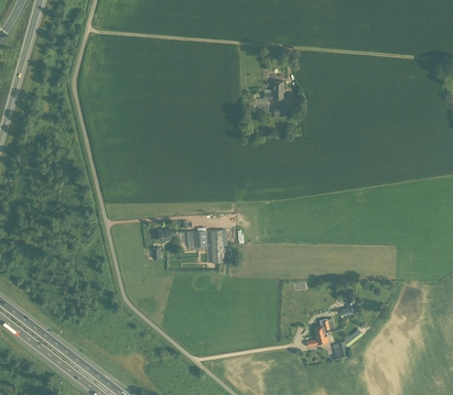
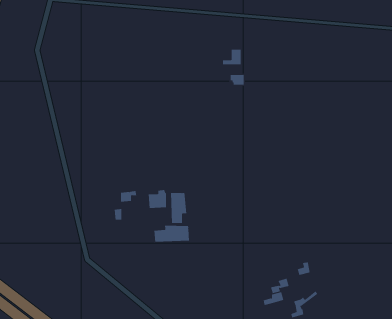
building: none -> [154,225,190,242]

